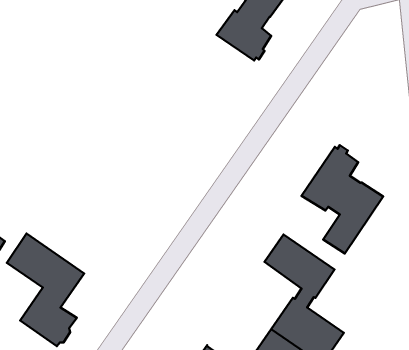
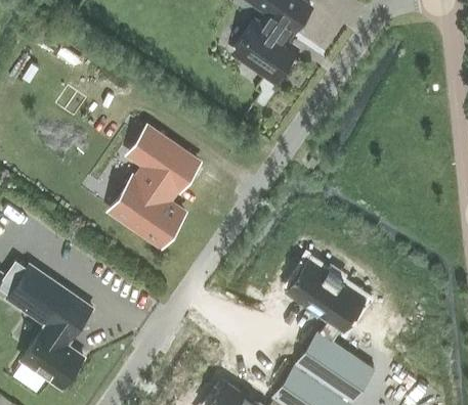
building: none -> [111,127,199,244]
building: [301,145,383,254] -> none

